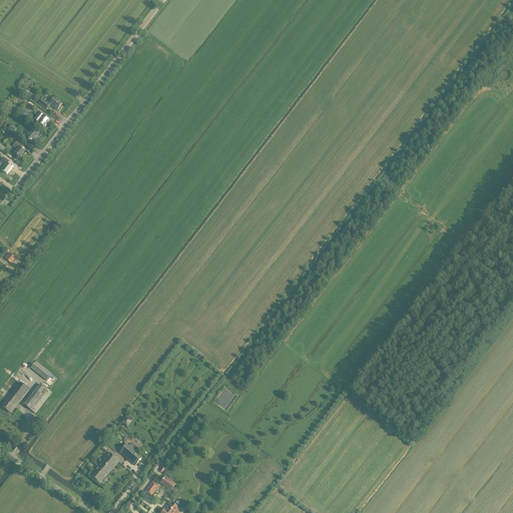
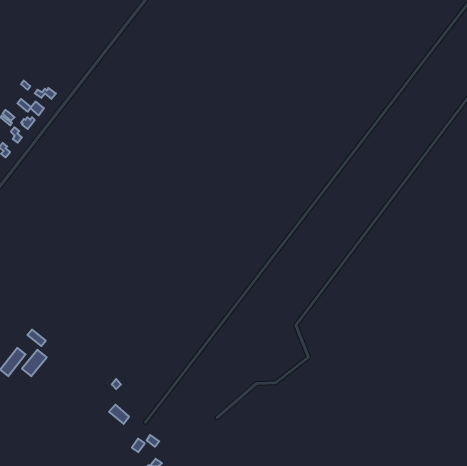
building: [90,452,118,482] -> none

